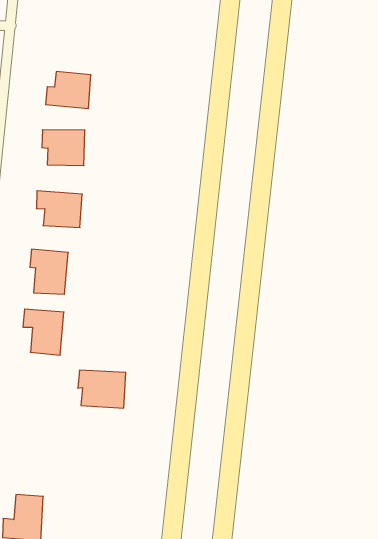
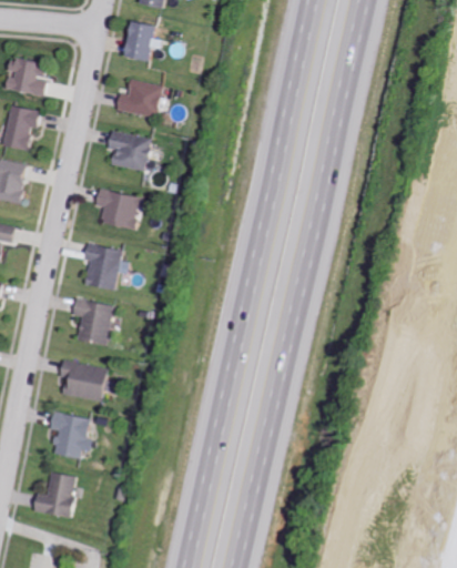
building: none -> [125,19,162,60]
building: [78,370,126,408] -> [60,361,106,400]
building: none -> [49,412,90,458]

